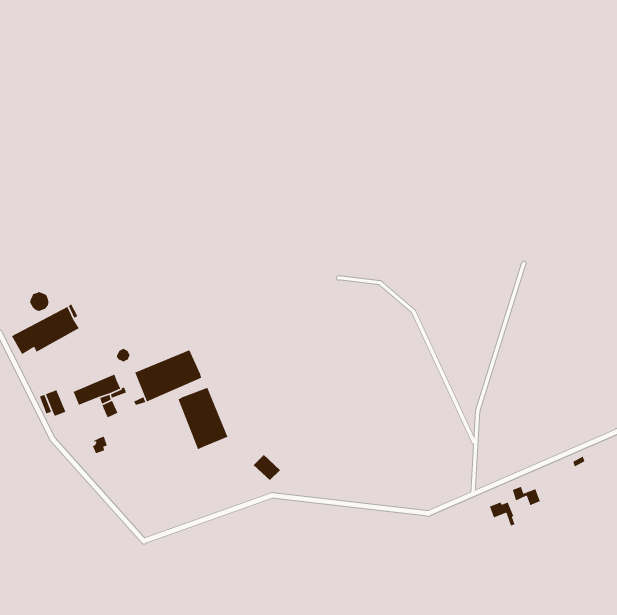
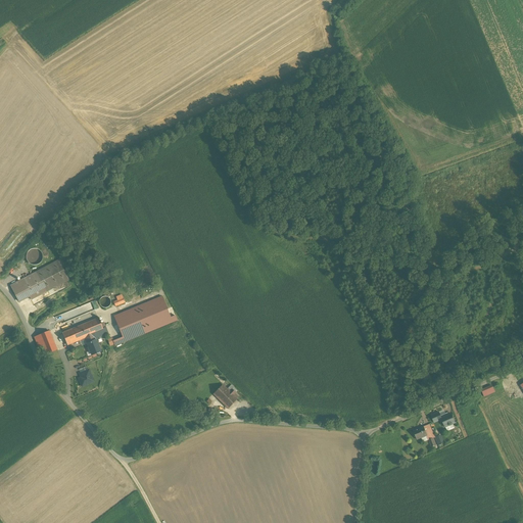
building: [178,387,229,450] -> none

